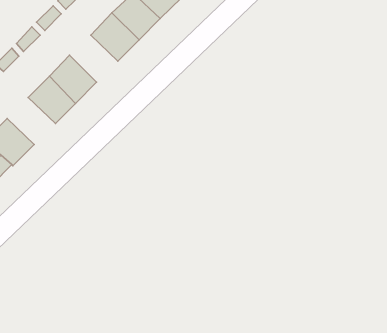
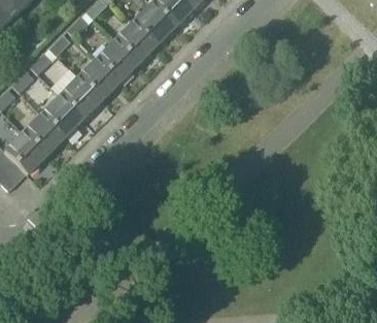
building: none -> [76,60,118,101]
building: none -> [22,115,64,156]

